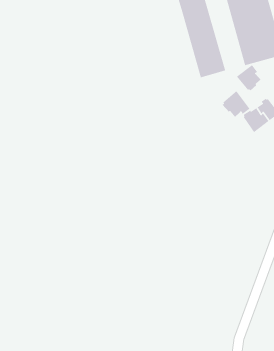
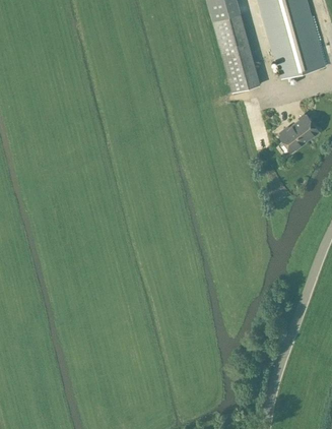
building: [236,64,262,91] -> none
building: [222,90,251,118] -> none

